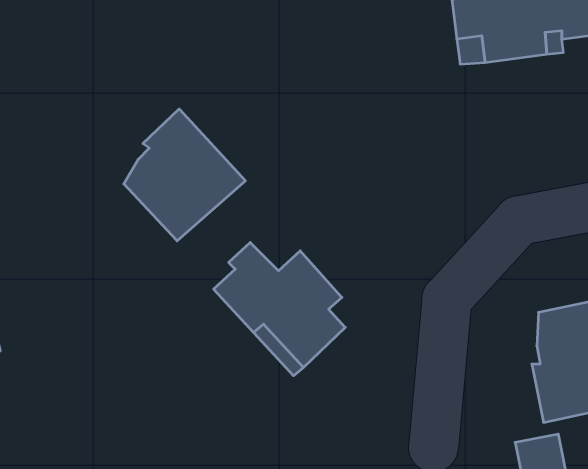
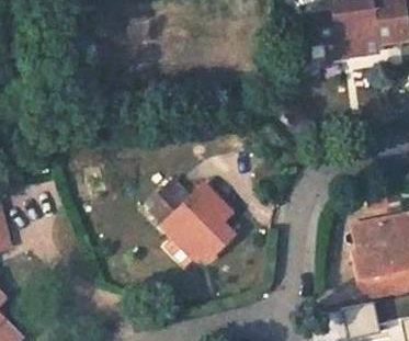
building: [124,109,245,241] -> none

